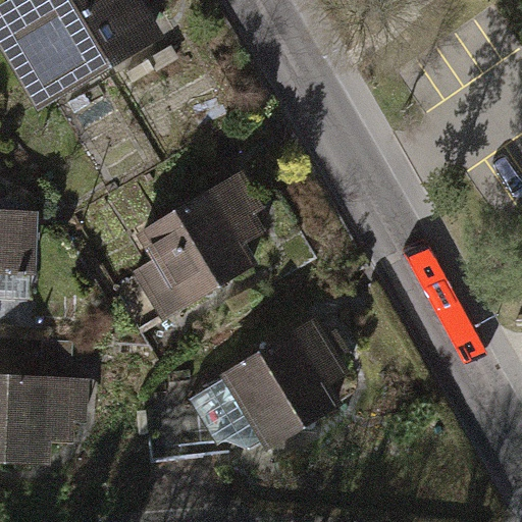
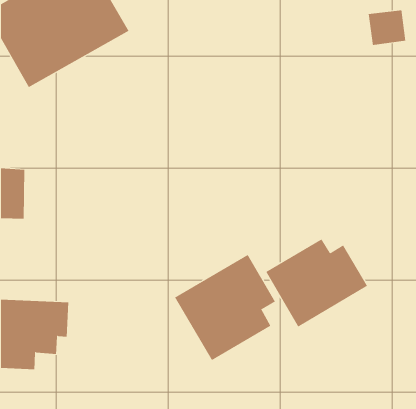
building: [117,169,275,332] -> none
building: none -> [265,239,368,327]

